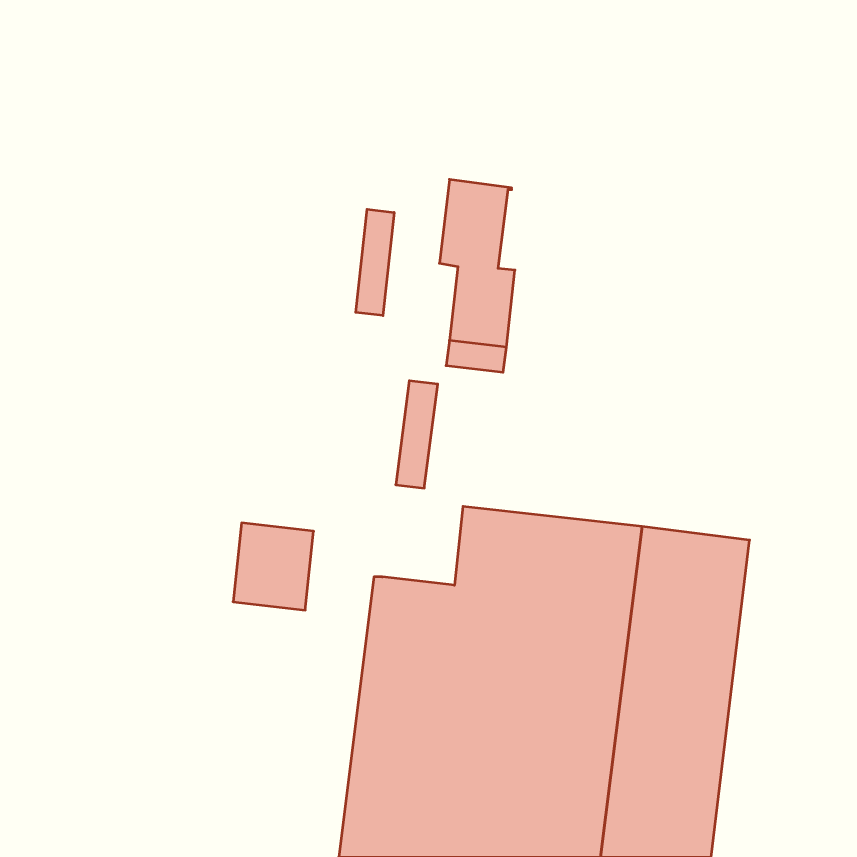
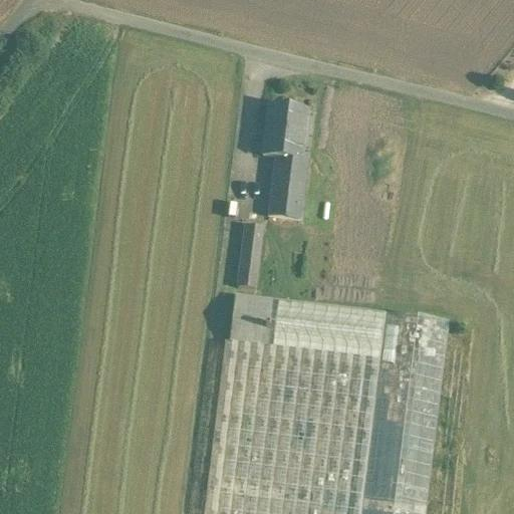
building: [356,209,394,316] -> none
building: [233,523,314,610] -> [229,298,277,350]

